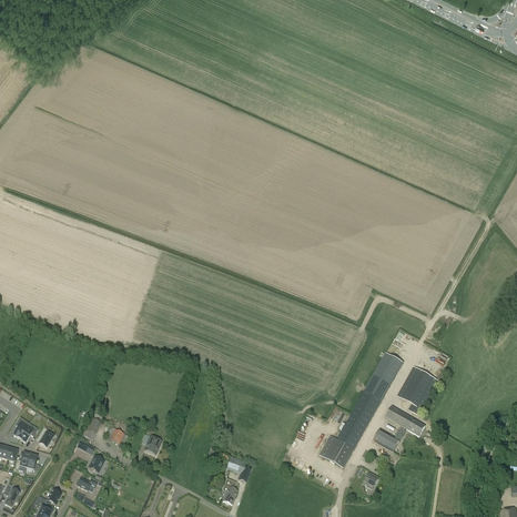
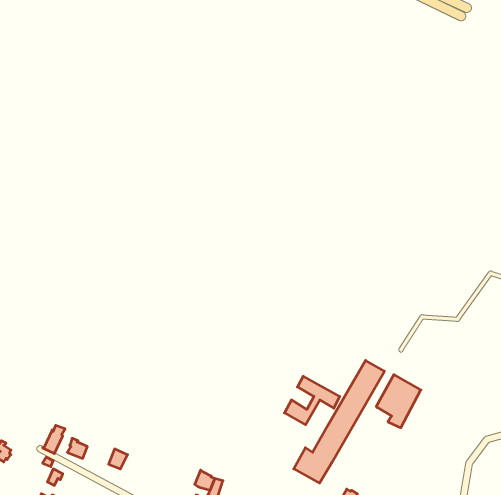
building: [373,406,425,452] -> [284,376,340,425]

